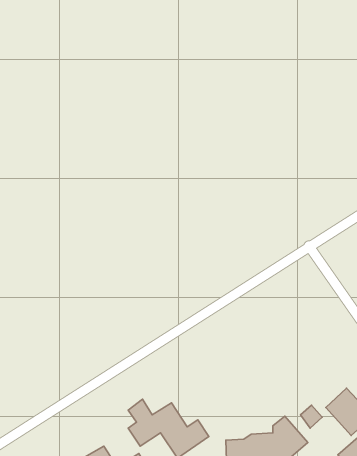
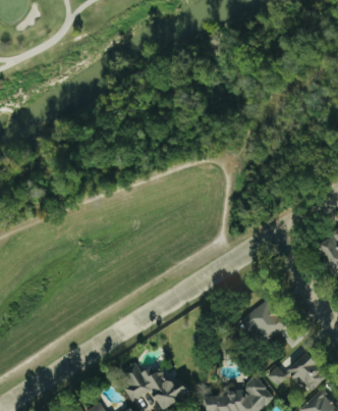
building: none -> [239,299,287,346]

